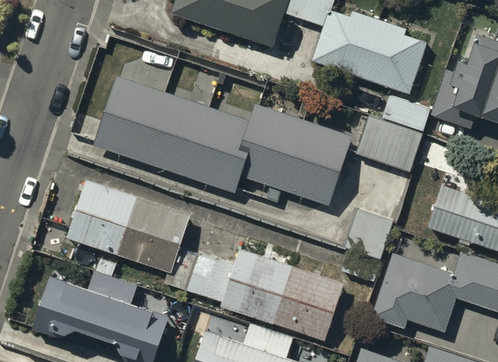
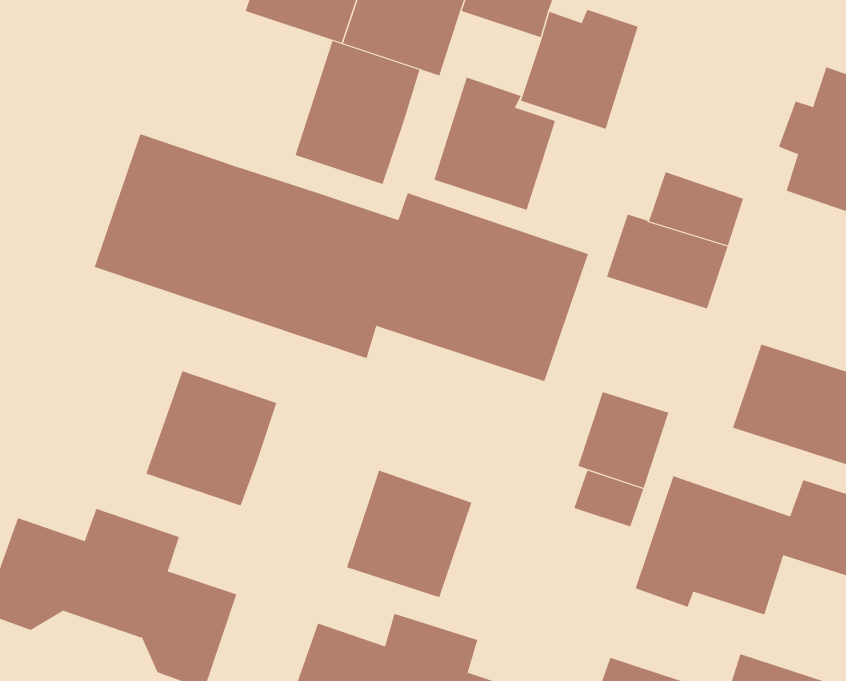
building: [360,19,424,89] -> [434,77,556,211]
building: none -> [295,40,420,185]
building: [70,182,138,253] -> none
building: [165,246,236,302] -> none
building: [273,268,341,335] -> none

